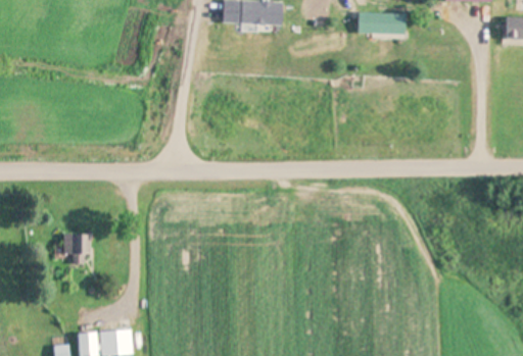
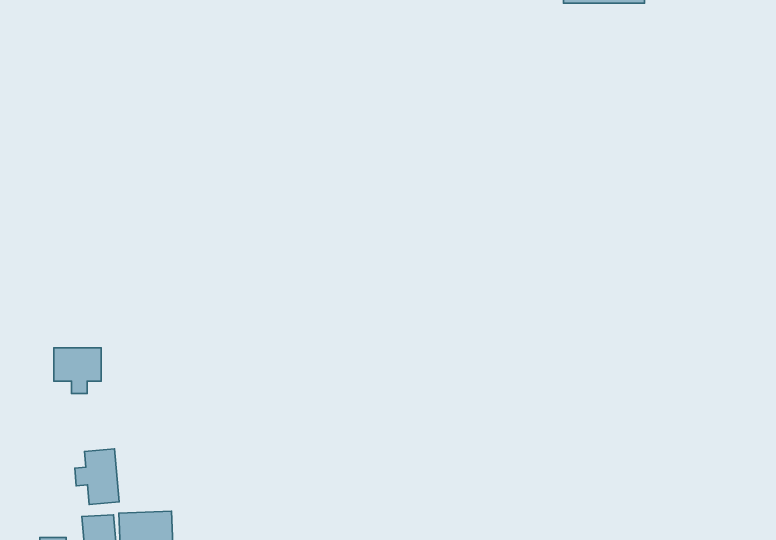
building: none -> [75,449,119,504]

